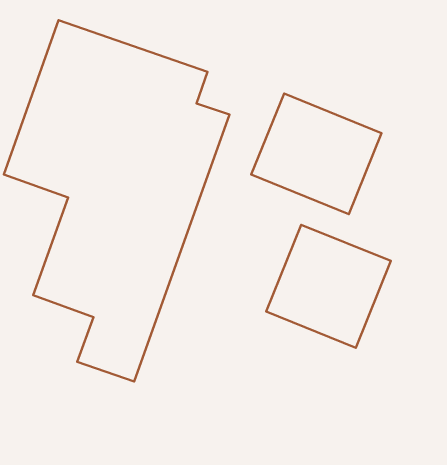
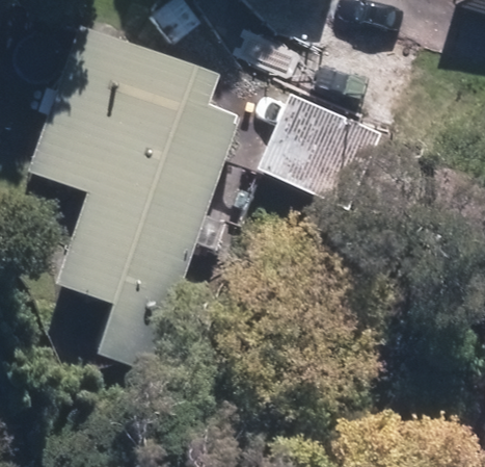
building: [266,225,391,348] -> none

